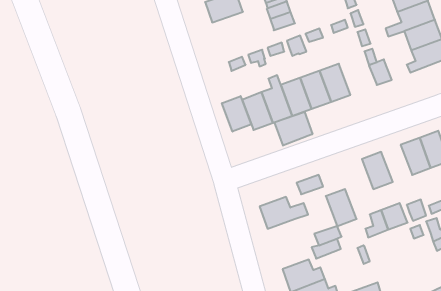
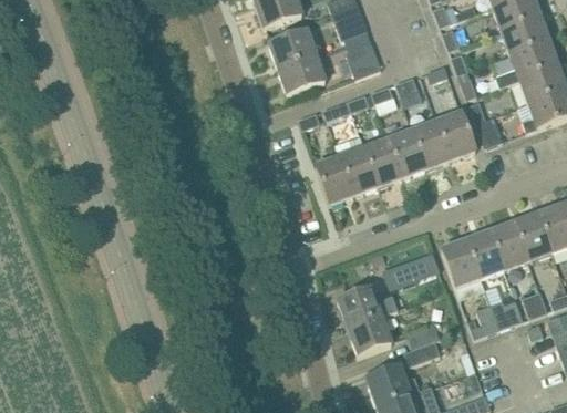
building: none -> [278,54,326,93]
building: none -> [437,111,476,158]
building: [222,96,251,132] -> none
building: [275,112,312,146] -> none
building: none -> [491,221,529,268]
building: [326,189,357,226] -> [442,239,481,286]
building: none -> [348,314,392,354]

